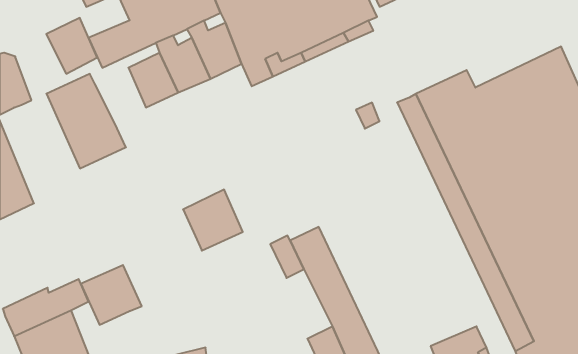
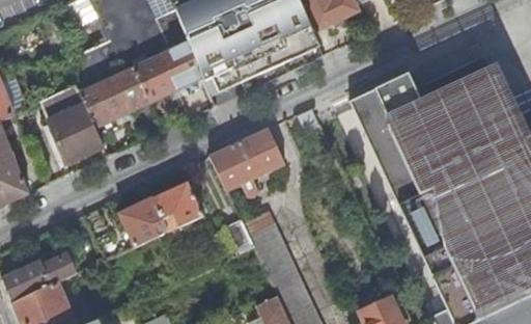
building: [46,18,97,74] -> [80,78,122,125]
building: none -> [209,128,284,197]
building: [81,265,142,325] -> [118,196,169,246]

